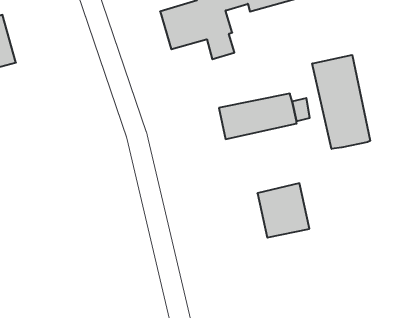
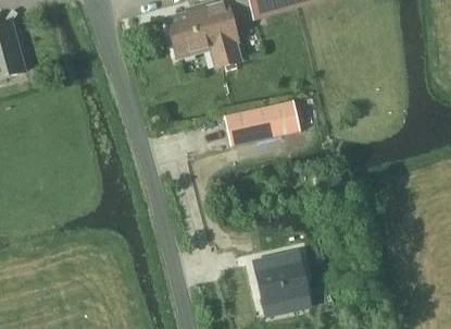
building: [312,55,370,149] -> none
building: [257,183,309,238] -> [255,252,306,305]

